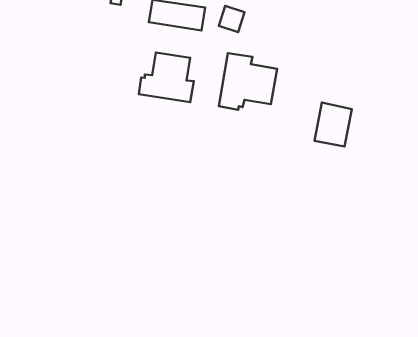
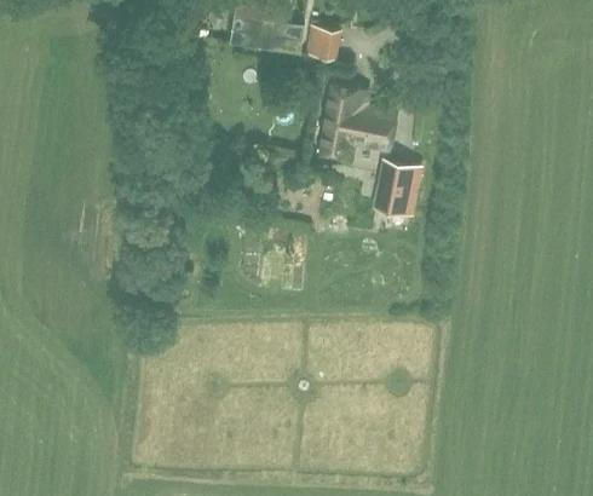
building: [139,53,194,102] -> none
building: [315,103,352,146] -> [373,158,422,217]

